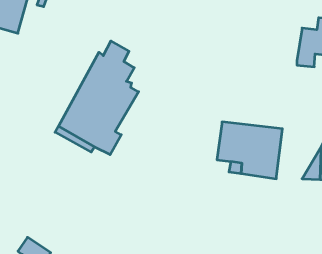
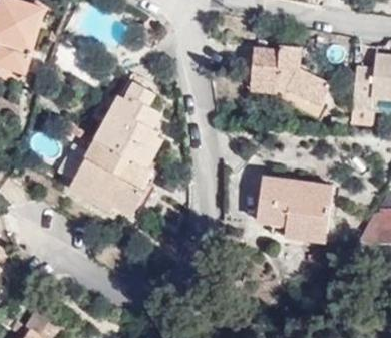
building: none -> [249,45,331,105]

